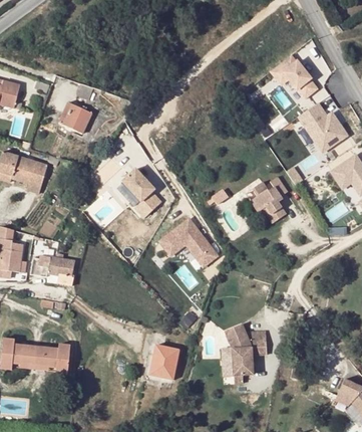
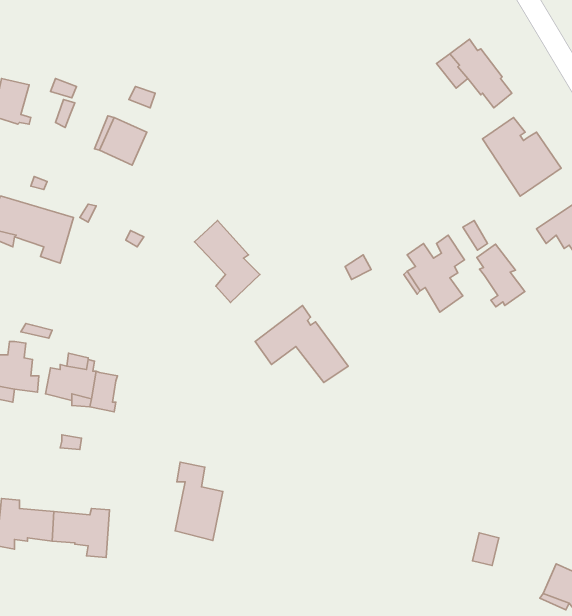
building: none -> [477,244,525,307]
building: [223,321,266,374] -> none
building: [149,332,178,380] -> [175,462,223,541]

